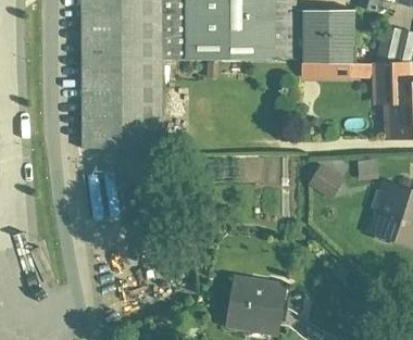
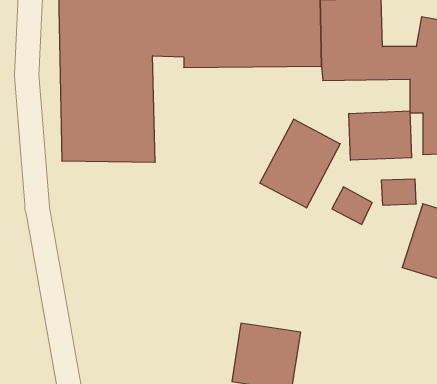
building: none -> [349,111,412,160]
building: none -> [260,119,340,208]

